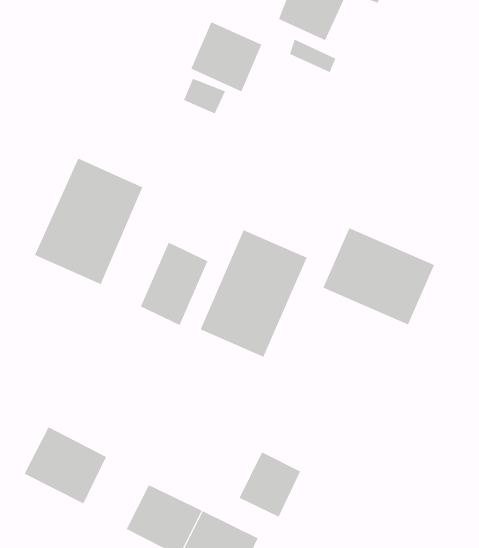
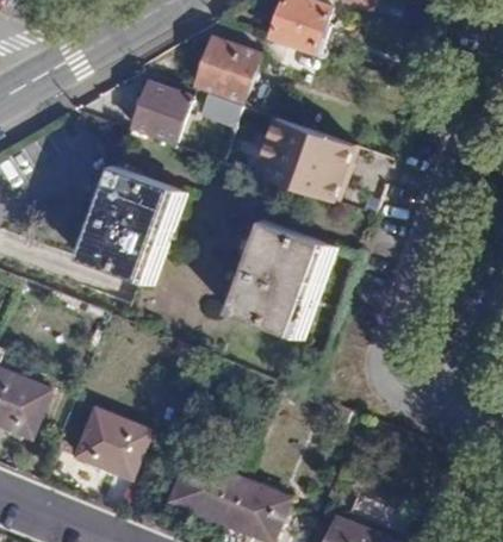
building: none -> [130,79,187,136]
building: [323,228,435,325] -> [253,118,353,203]
building: [140,242,208,326] -> none
building: [239,451,301,517] -> none

